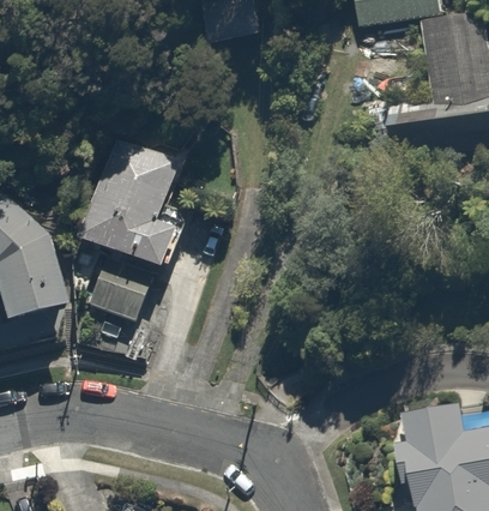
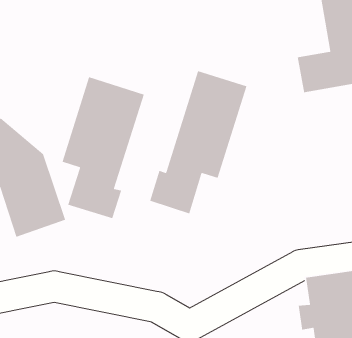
building: none -> [149,70,247,214]

